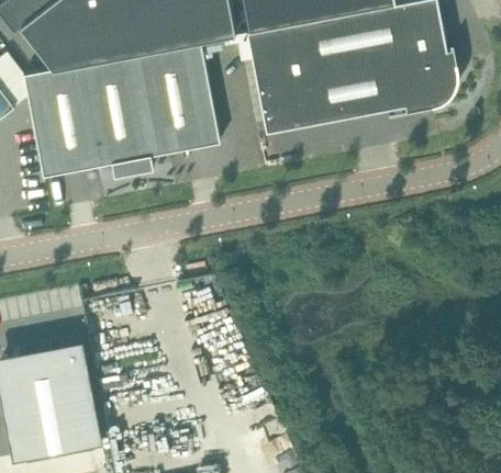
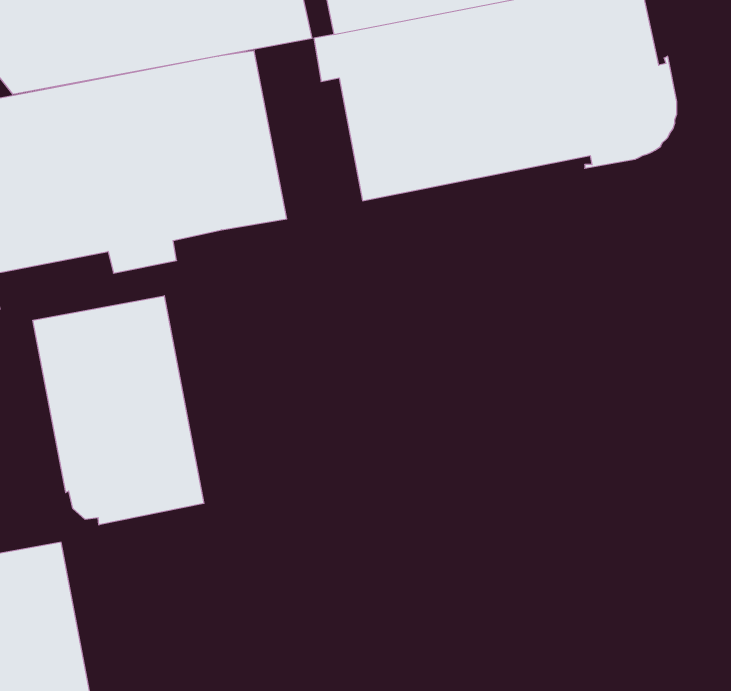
building: none -> [33,296,204,525]

